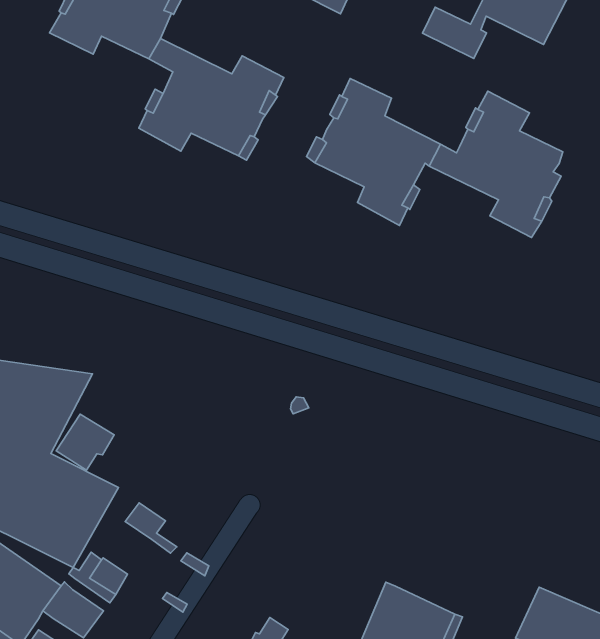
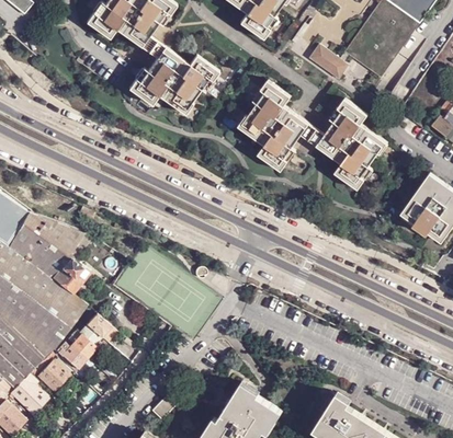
building: none -> [72,324,113,358]

